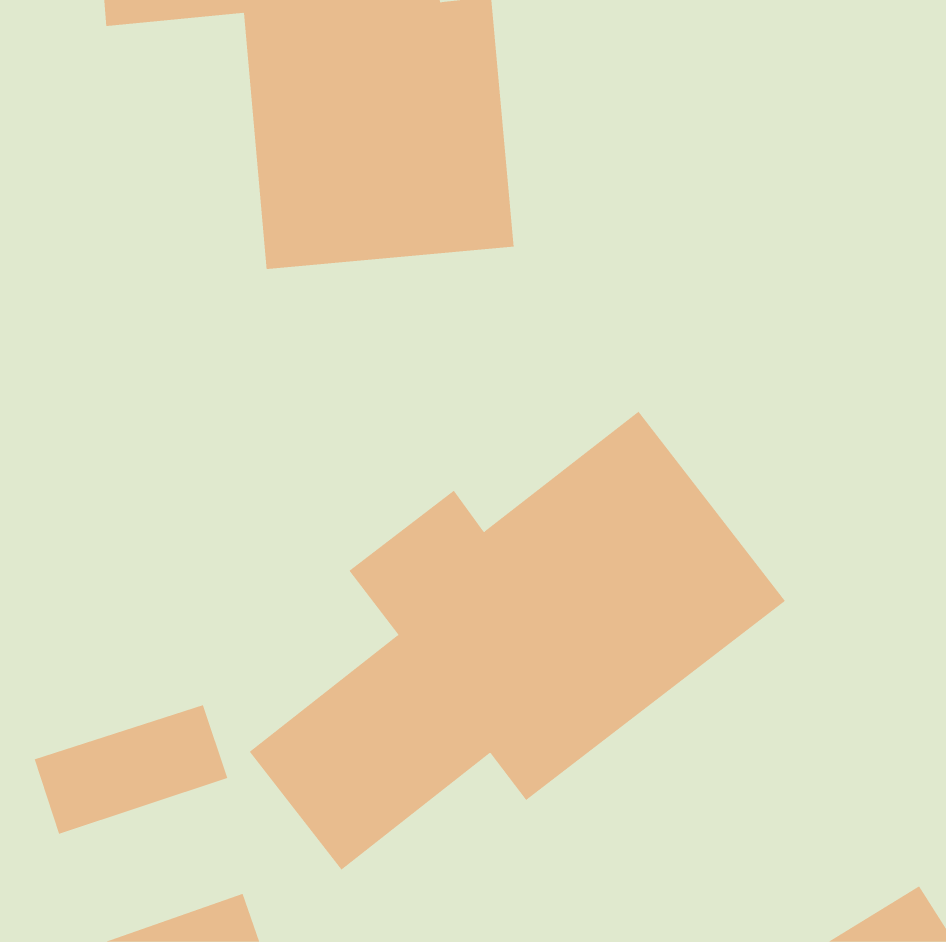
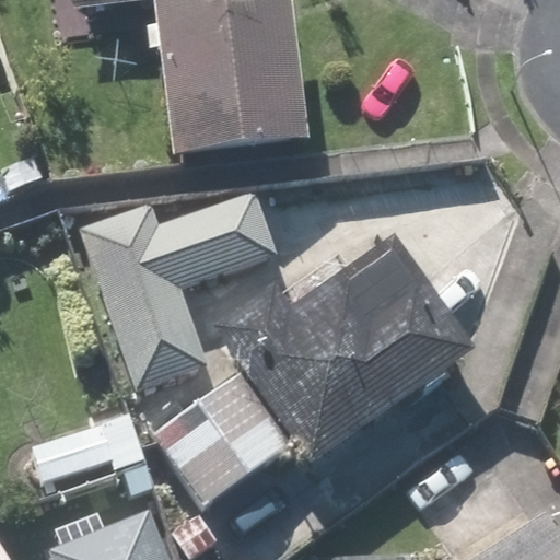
building: none -> [85,190,279,384]

